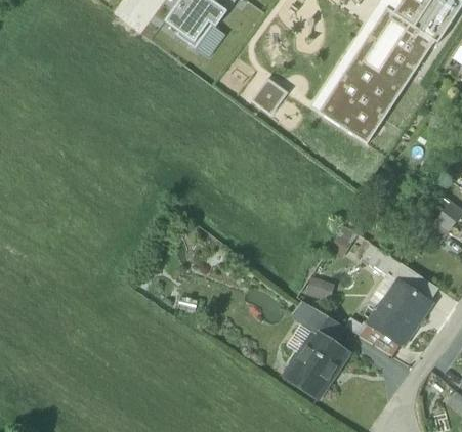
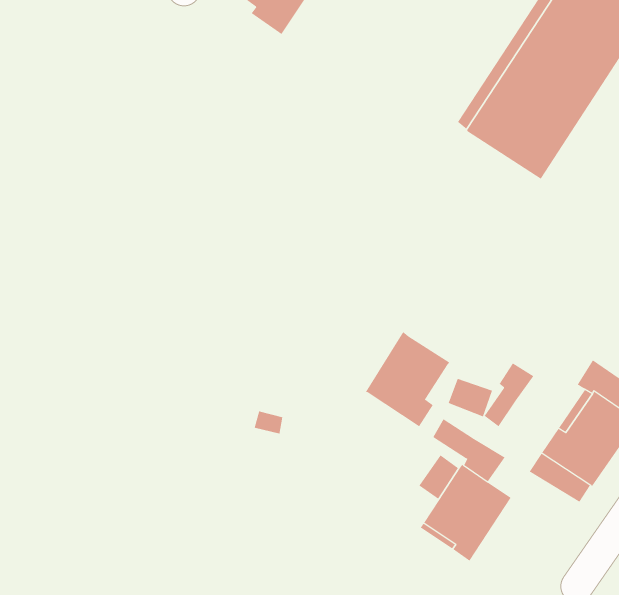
building: [252,78,288,114] -> none
building: none -> [365,331,450,427]
building: none -> [484,362,534,427]

